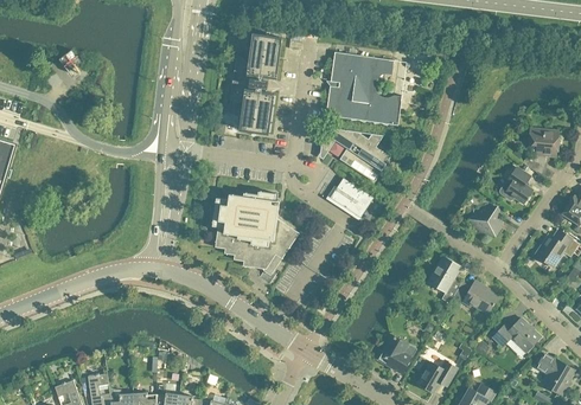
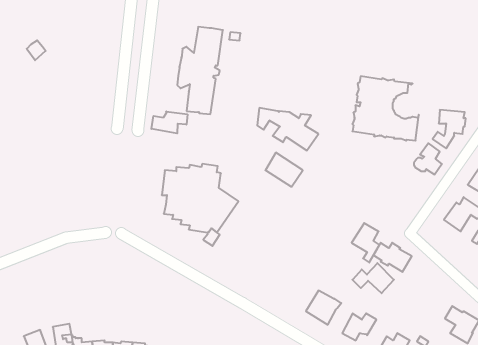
building: [325,52,401,126] -> [352,76,419,141]
building: none -> [151,111,187,133]
building: [473,205,500,236] -> none
building: [492,317,540,352] -> [352,263,394,293]

